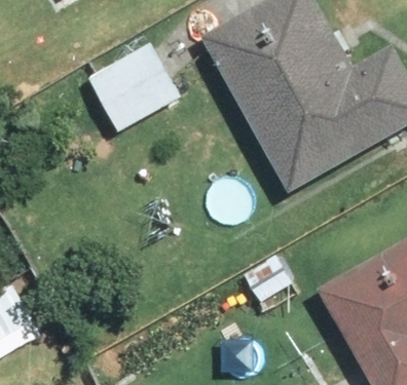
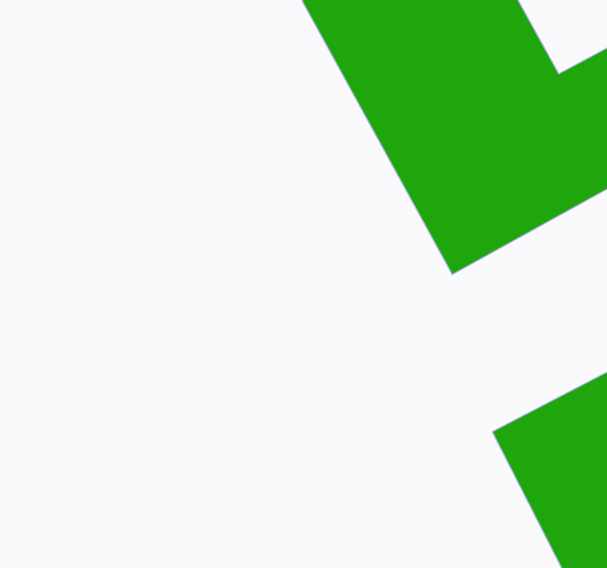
building: [86,36,188,141] -> none

